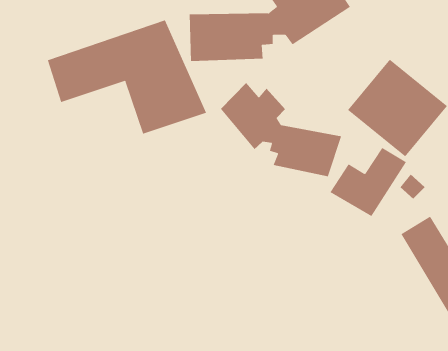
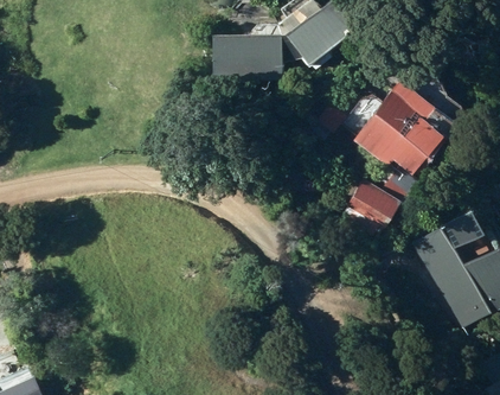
building: [47,19,207,134] -> none
building: [220,82,342,177] -> none

